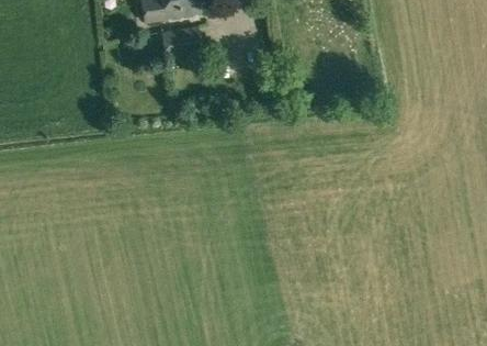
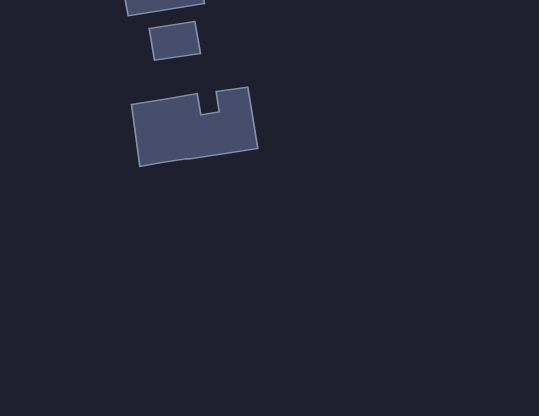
building: none -> [131,87,258,166]

